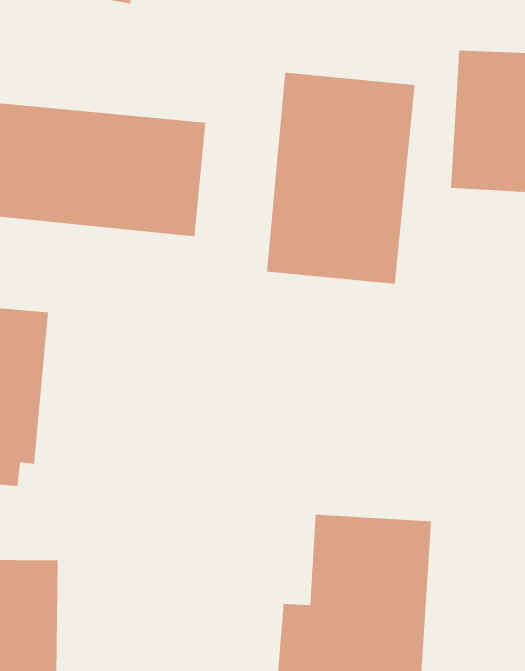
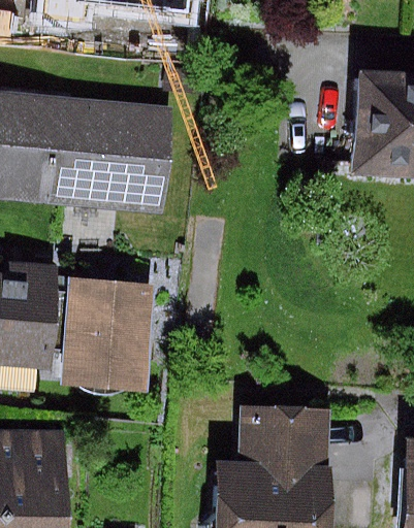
building: [267,72,415,285] -> none
building: none -> [45,271,155,391]

